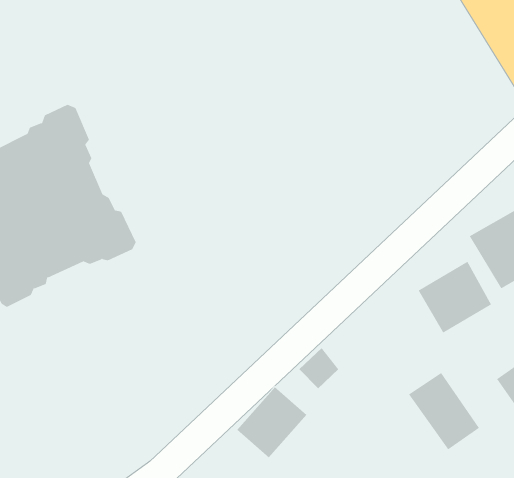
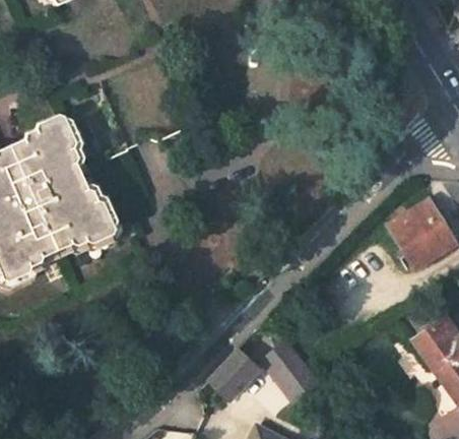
building: [418,261,492,333] -> none
building: [408,372,480,450] -> [259,339,318,403]

